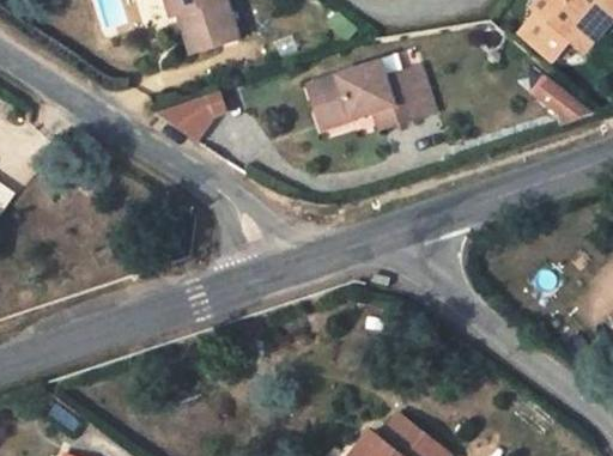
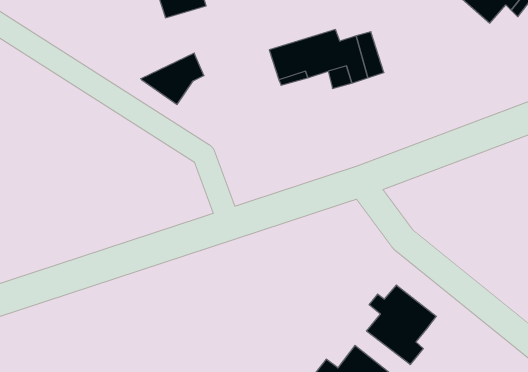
building: [526,69,587,126] -> none
building: none -> [367,285,436,365]

